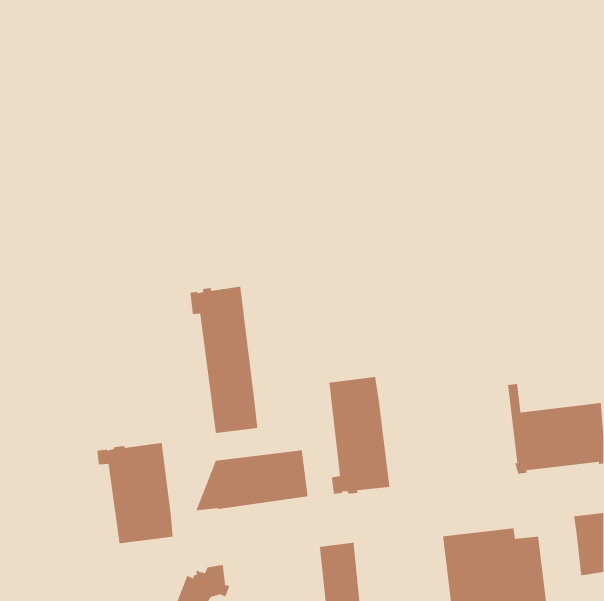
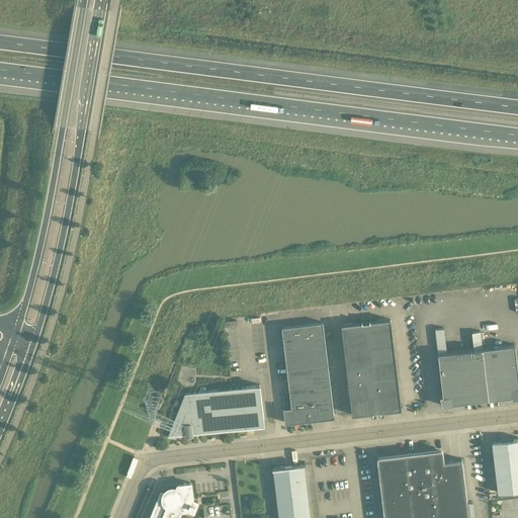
building: [189,286,258,434] -> none
building: none -> [341,323,401,418]
building: [97,442,174,544] -> none

